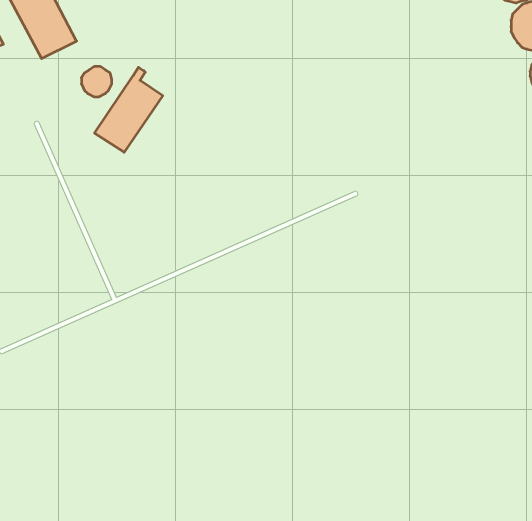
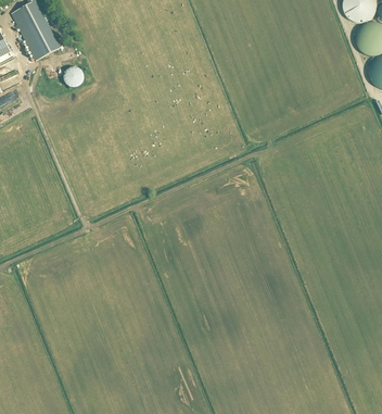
building: [95,67,163,152] -> none

